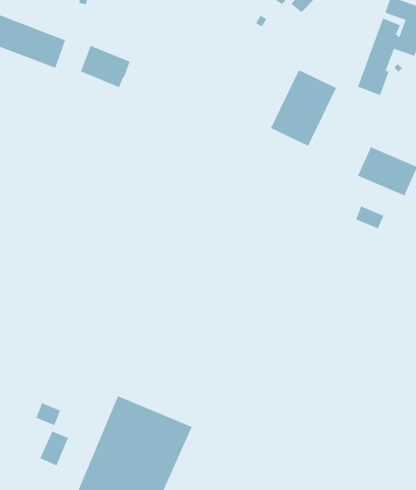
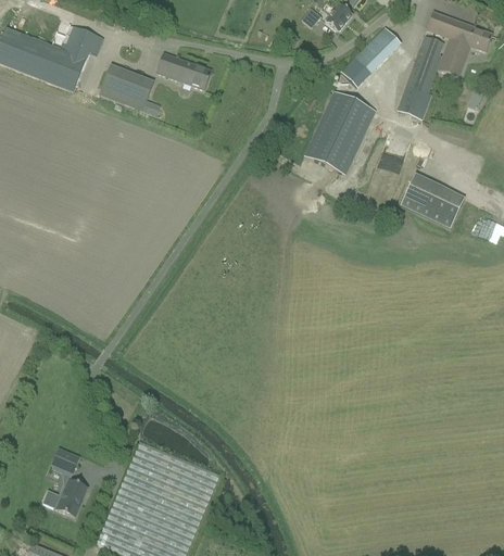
building: none -> [60,25,103,60]
building: none -> [338,27,400,88]
building: none -> [156,53,212,89]
building: [355,206,384,229] -> none

